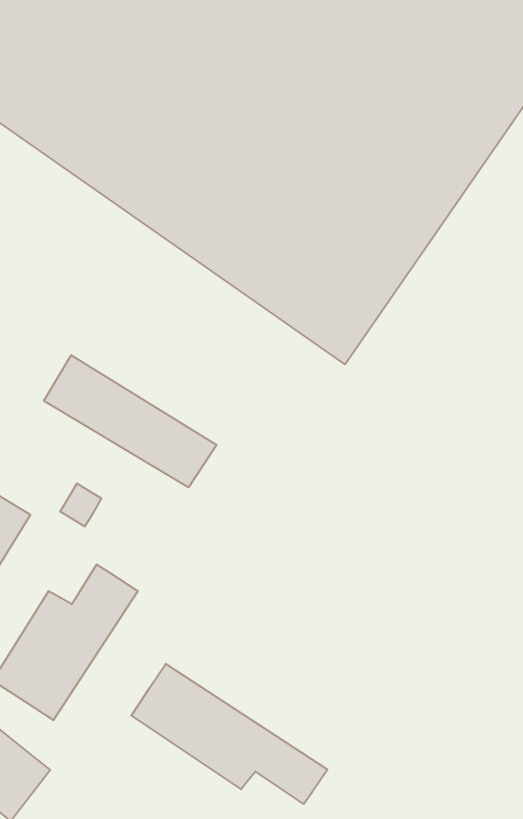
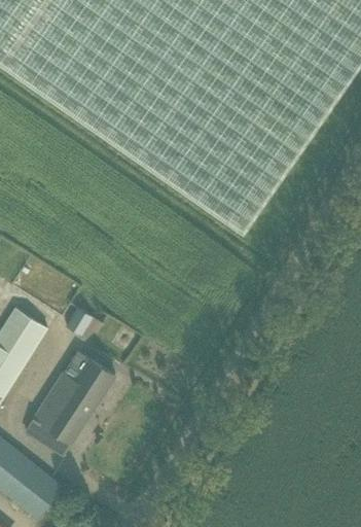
building: [44,355,216,487] -> none
building: [131,664,327,804] -> none

